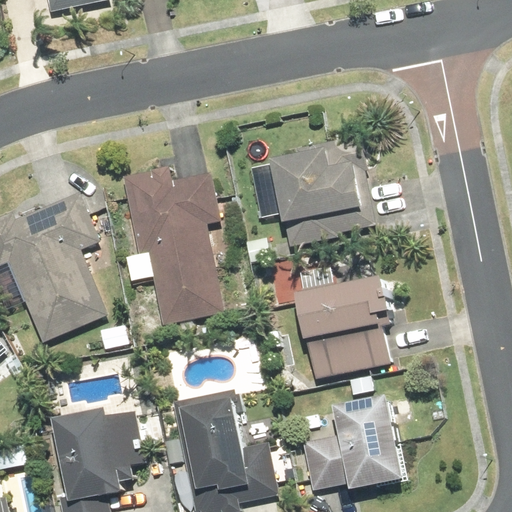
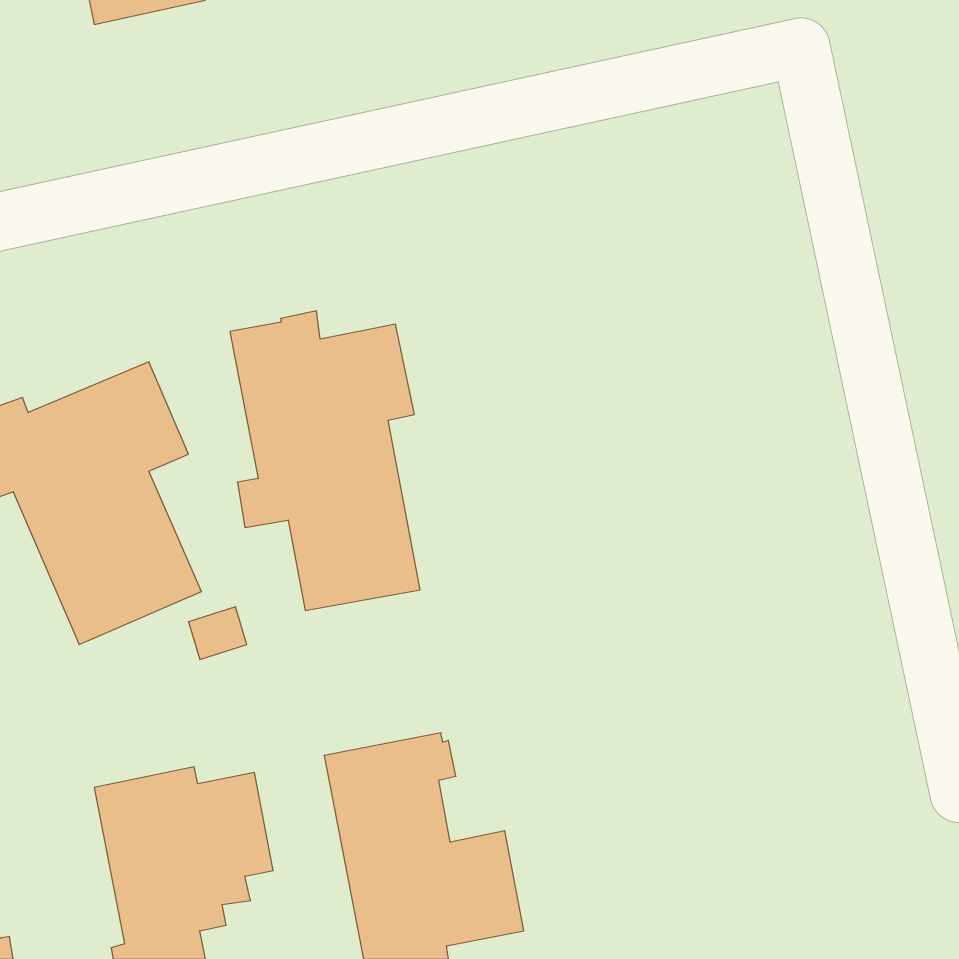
building: [268,134,375,246] -> none
building: [293,275,389,379] -> none
building: [302,394,400,490] -> none

